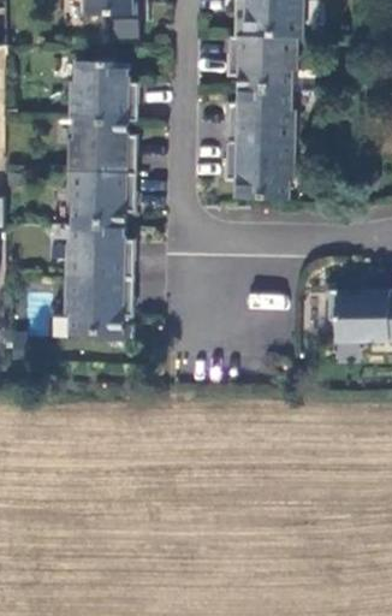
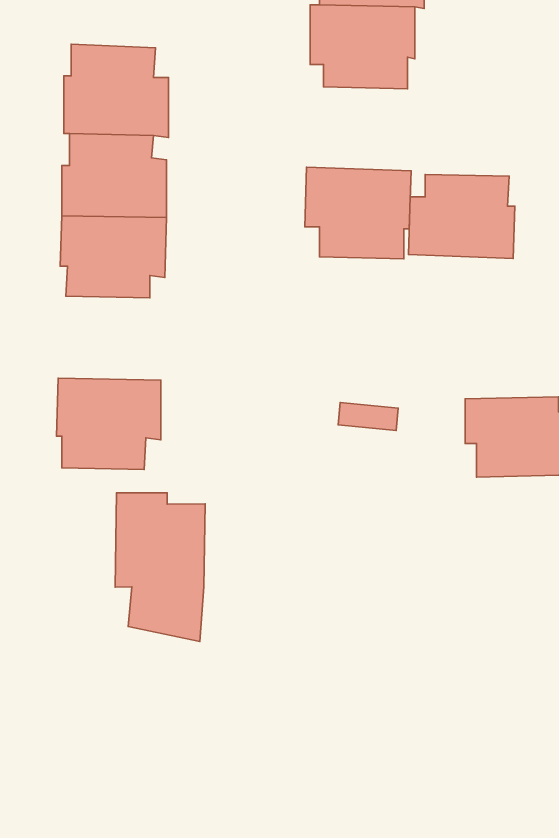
building: [226,89,295,143] -> [408,174,515,258]
building: [66,224,133,278] -> none
building: none -> [115,493,205,641]

